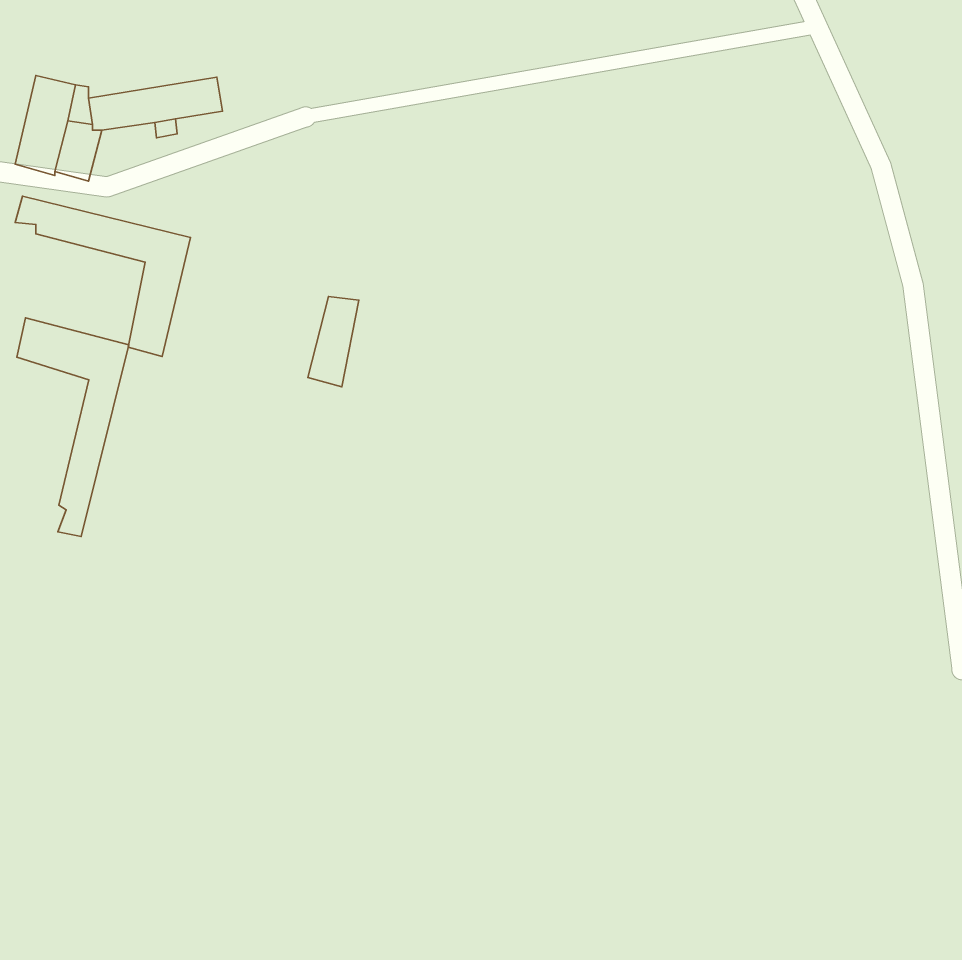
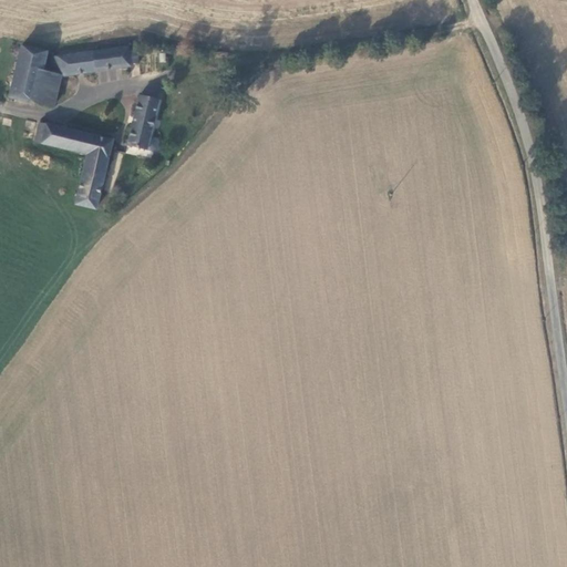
building: [308,296,359,387] -> [128,96,158,150]
building: [17,318,129,537] -> none

